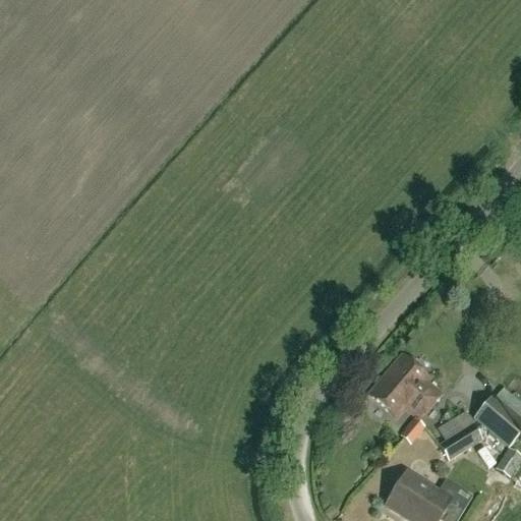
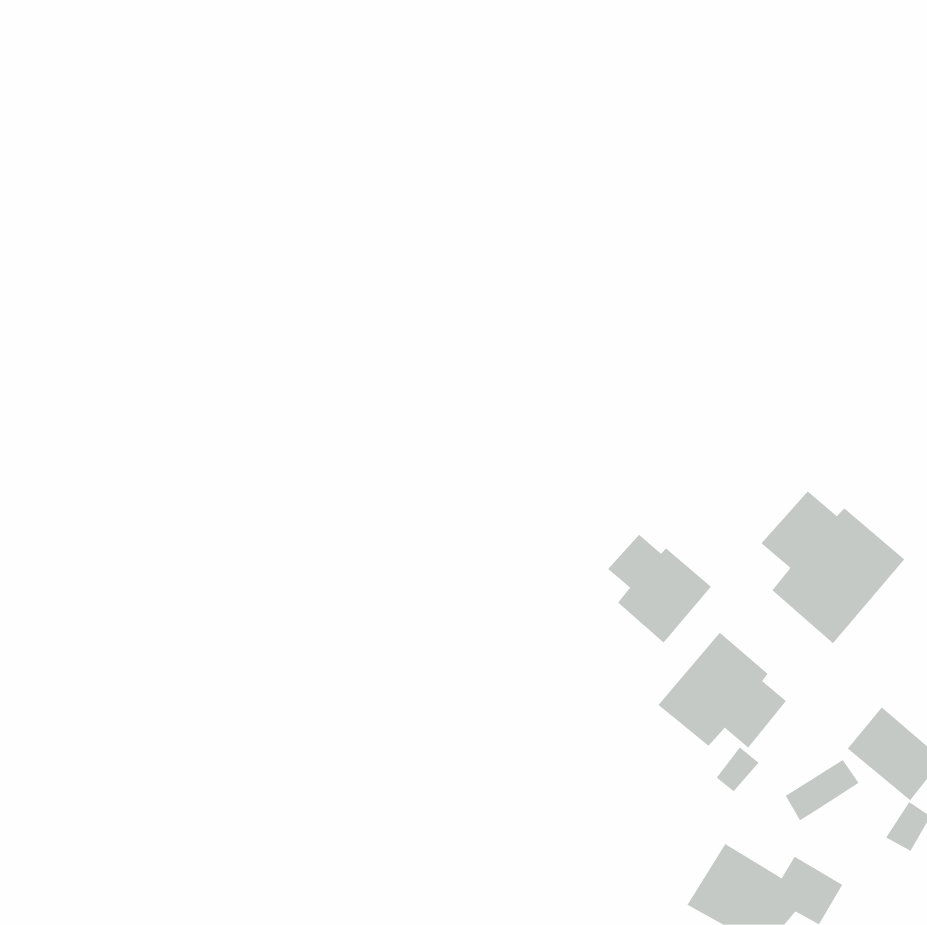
building: none -> [760,490,905,644]
building: none -> [607,534,712,643]

